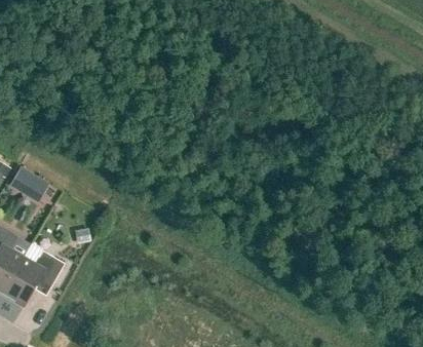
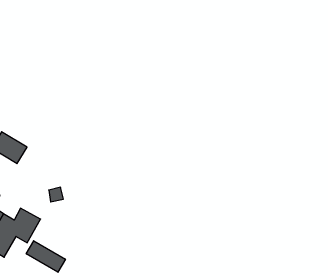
building: none -> [26,241,65,272]

